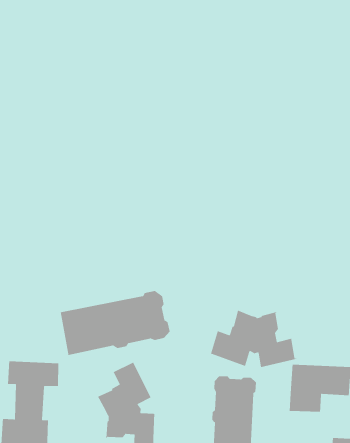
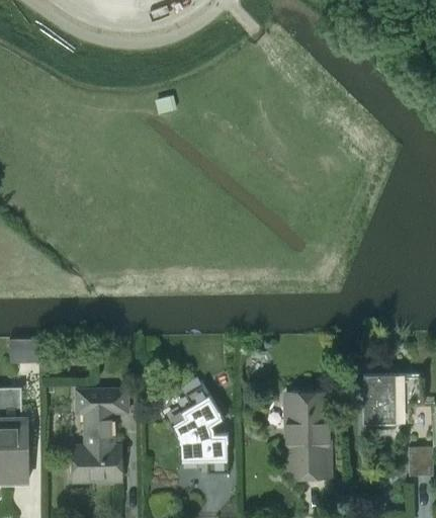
building: [60,290,170,356] -> none
building: [208,309,299,368] -> none

